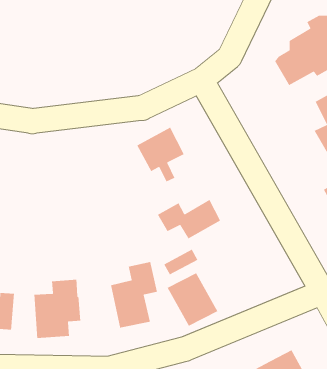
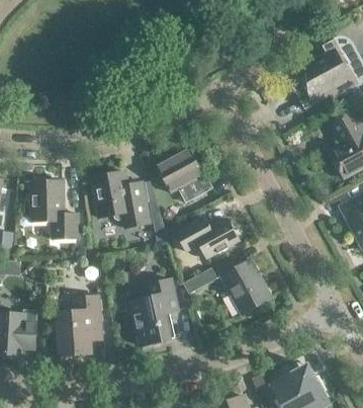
building: none -> [92,170,150,226]
building: none -> [32,179,79,238]
building: [167,272,218,327] -> [221,259,272,313]

